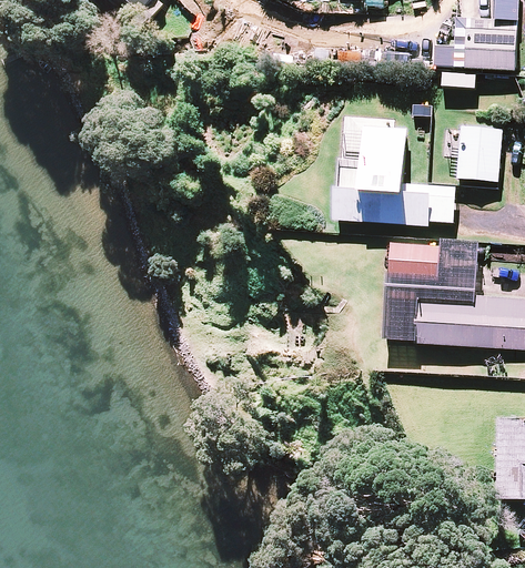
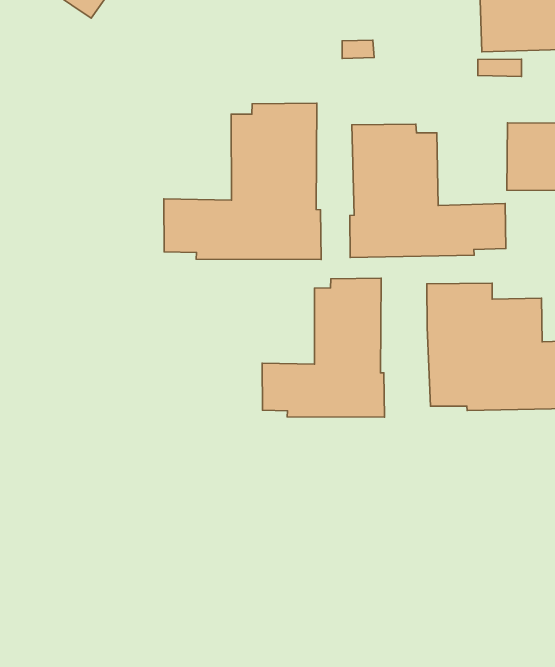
building: none -> [164,103,321,259]
building: none -> [262,278,384,417]

